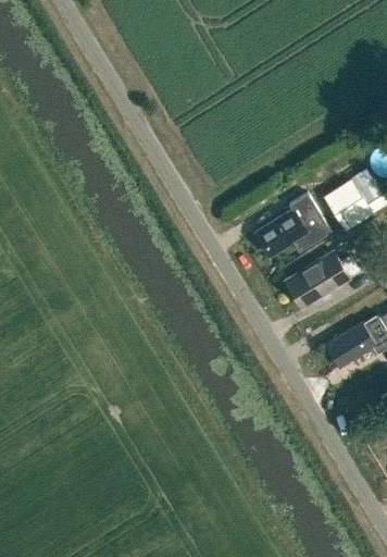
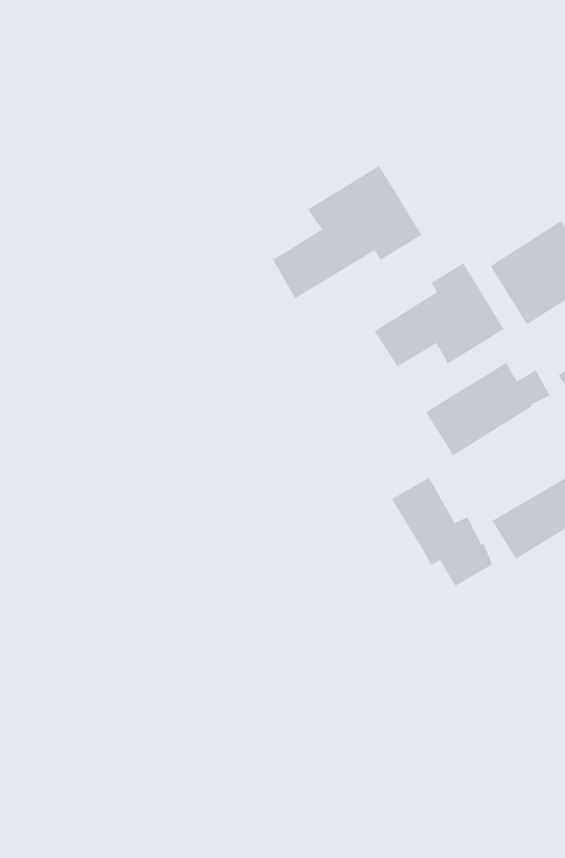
building: none -> [272,165,422,299]
building: none -> [391,477,493,587]

